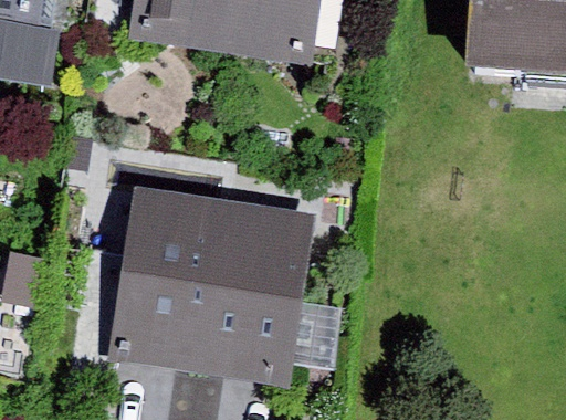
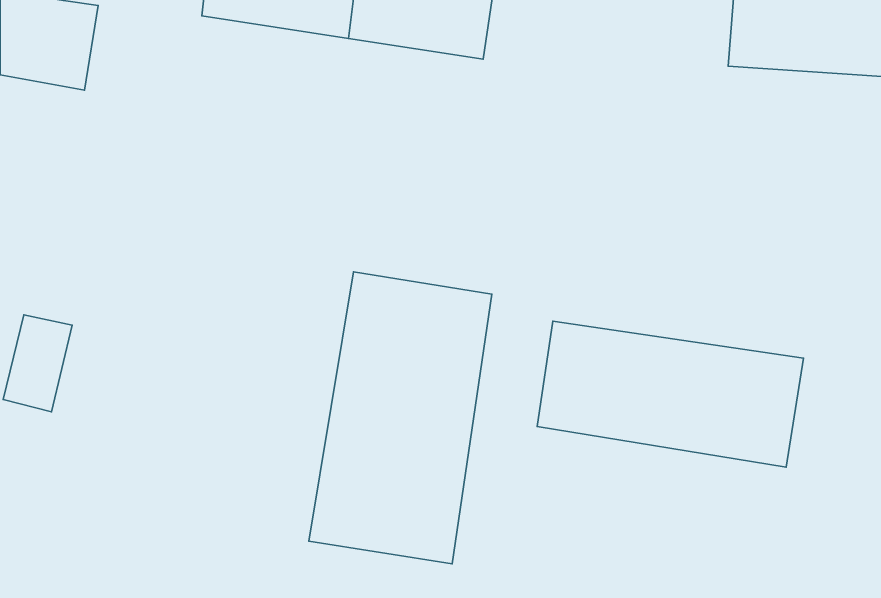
building: [109,186,227,372] -> none
building: none -> [537,321,803,467]

